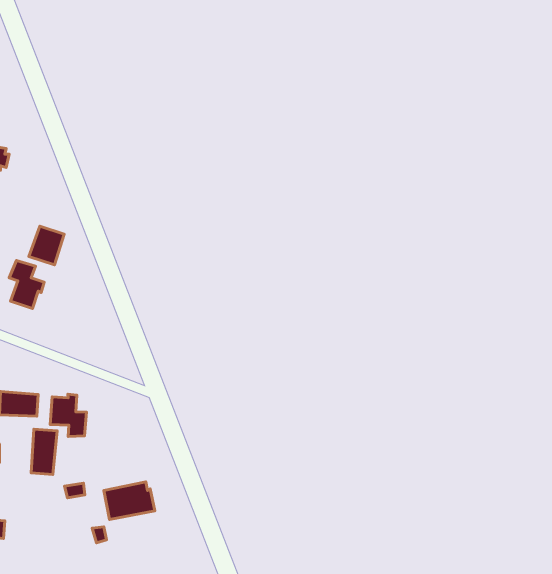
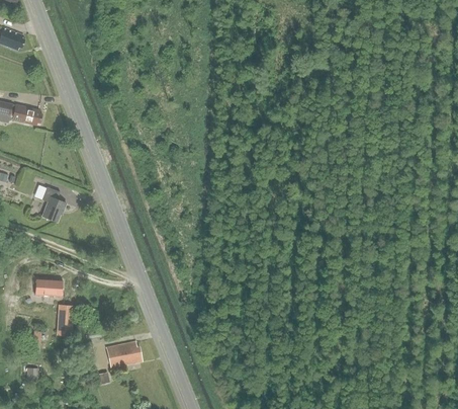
building: [29,226,64,265] -> none
building: [50,394,87,436] -> none

